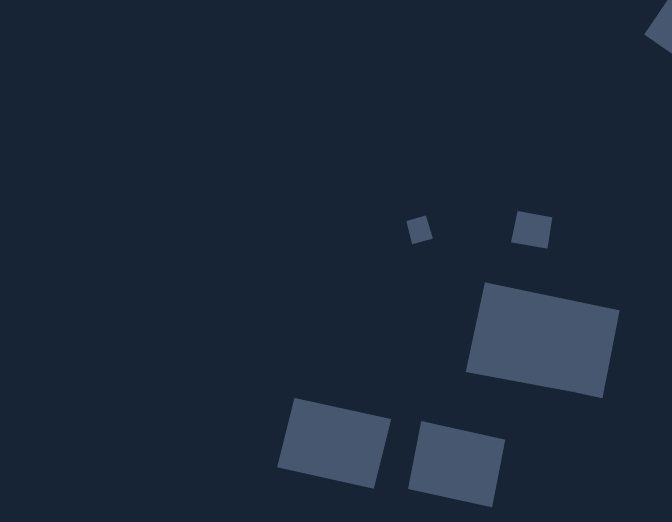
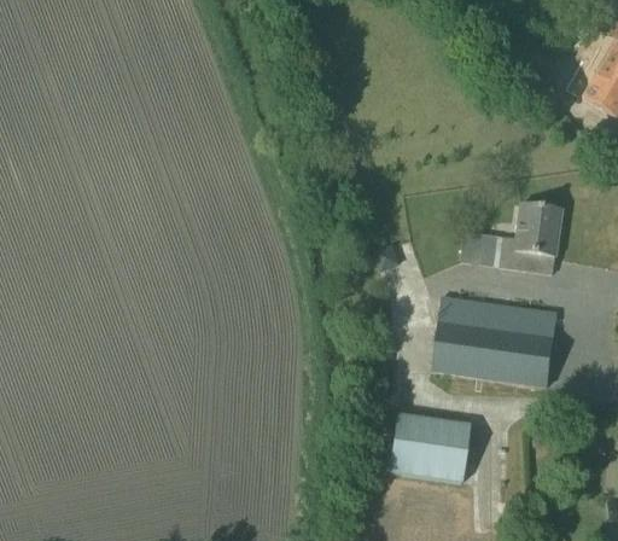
building: none -> [501,203,564,274]
building: [277,397,392,489] -> none

